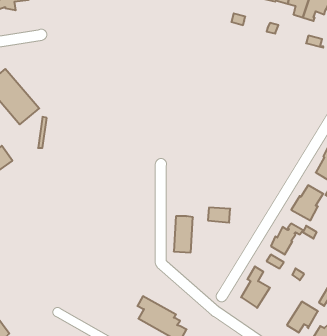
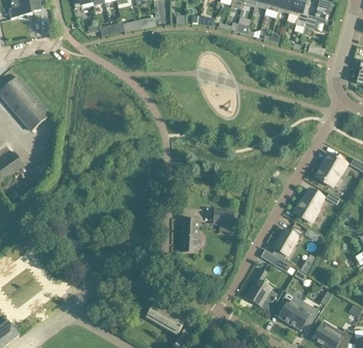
building: none -> [277,290,303,323]

